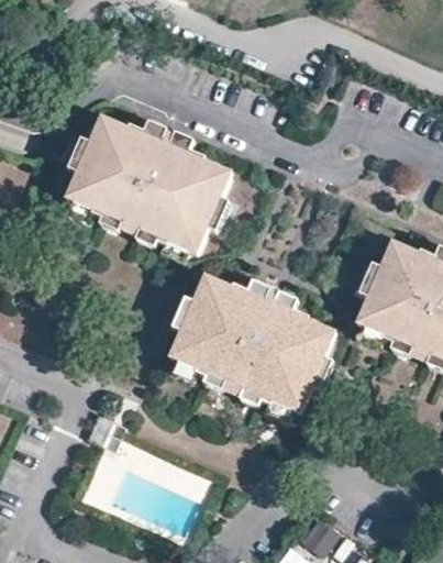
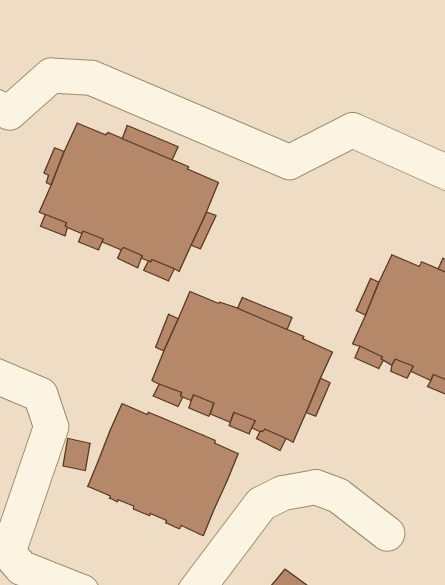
building: none -> [88,404,238,536]

